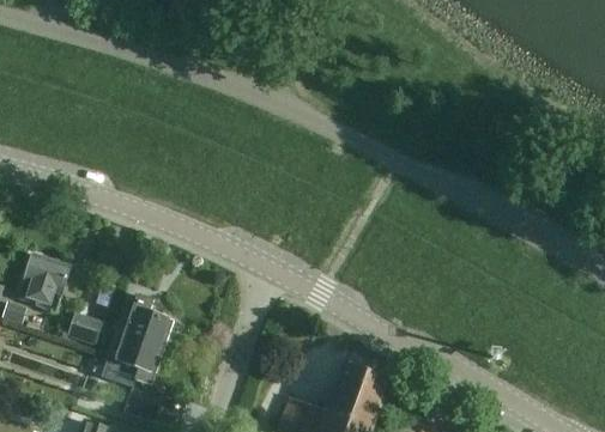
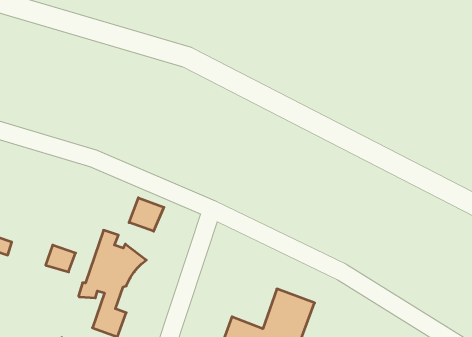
building: [19,255,69,314] -> none
building: none -> [129,198,164,231]

